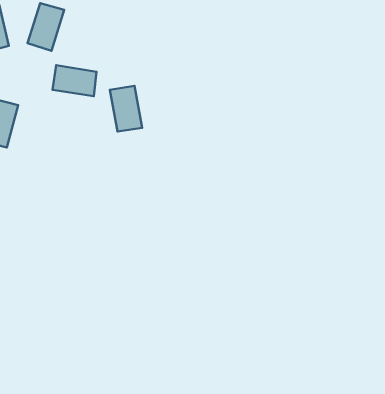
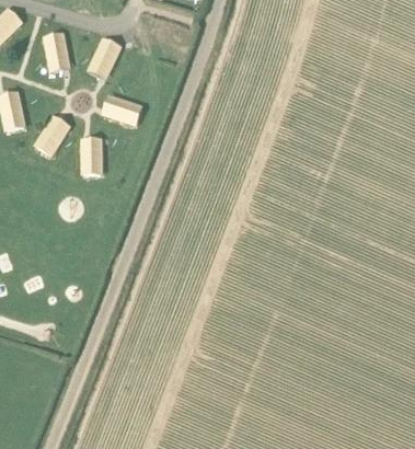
building: [110,86,142,132] -> [80,138,103,175]

